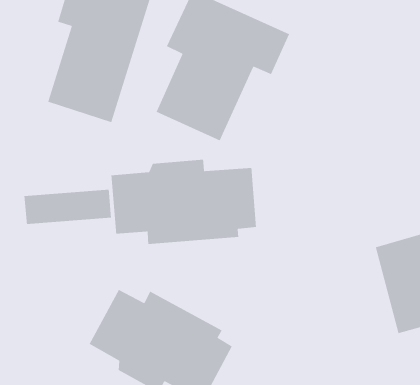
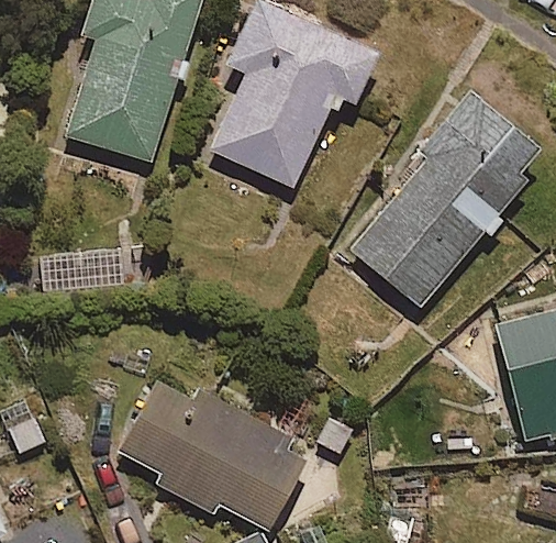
building: none -> [356,88,545,306]
building: [110,159,257,245] -> none

